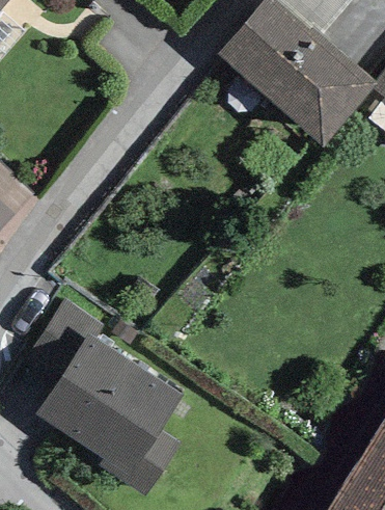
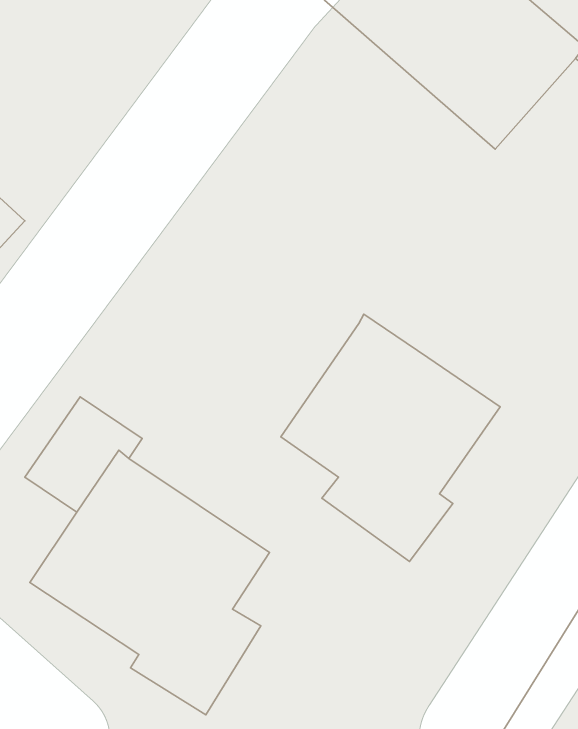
building: none -> [281,314,500,561]

